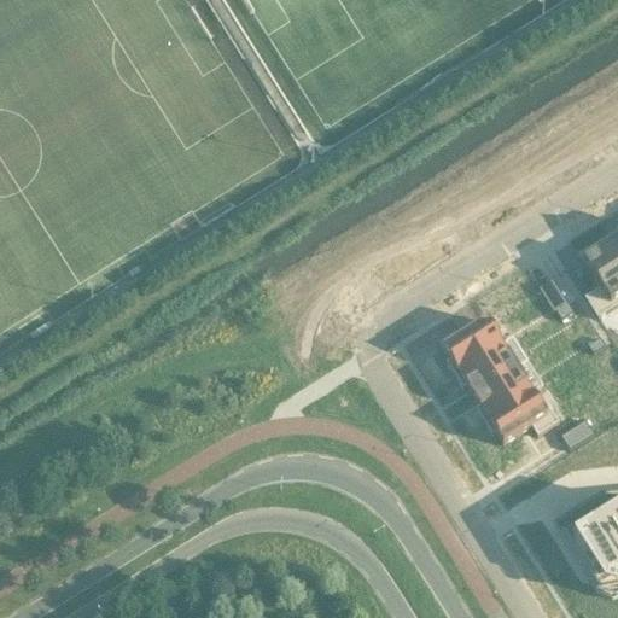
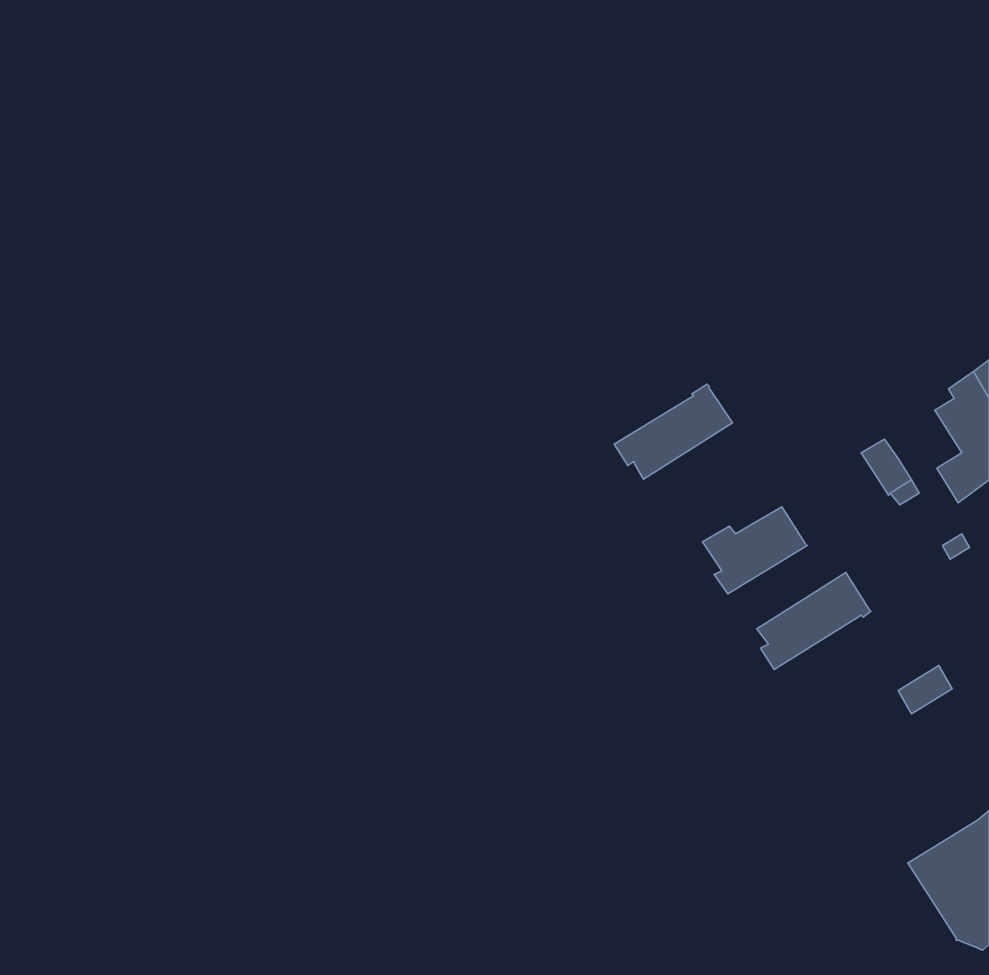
building: [454,333,527,392] -> [614,384,732,479]
building: [483,384,559,439] -> none

